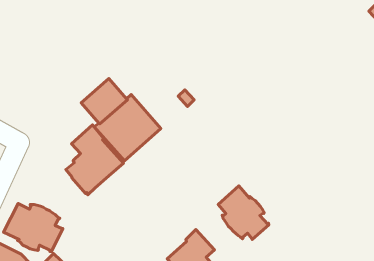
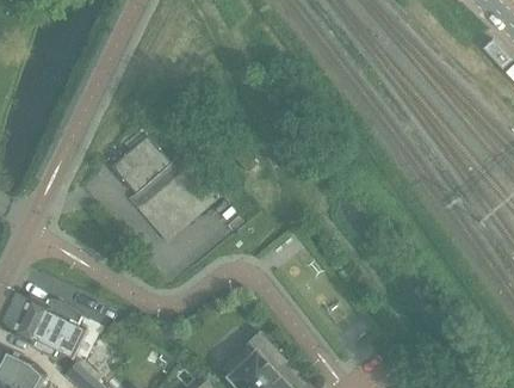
building: [66,125,123,195] -> none
building: [218,186,269,239] -> none

